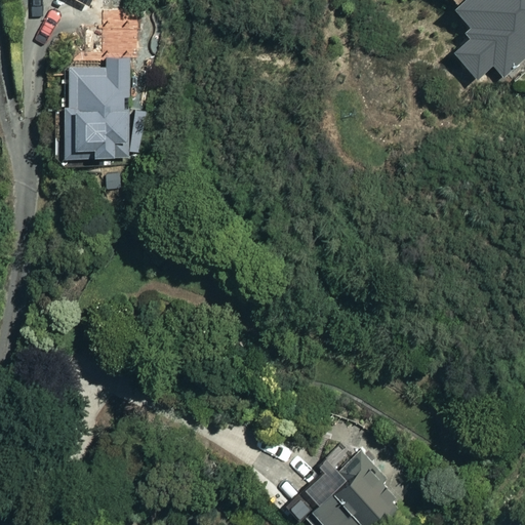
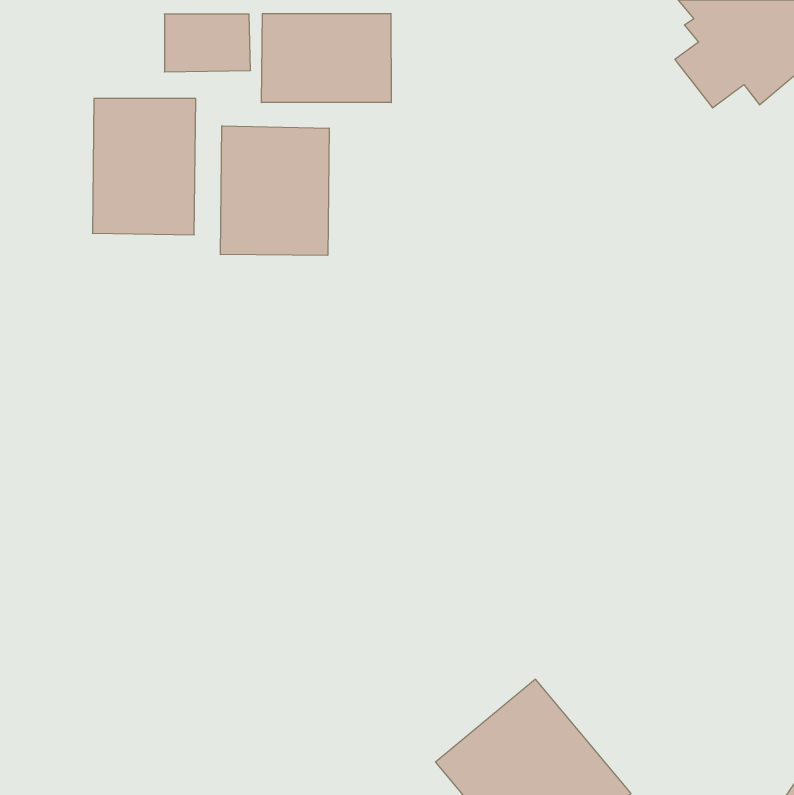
building: none -> [261,13,391,103]
building: none -> [220,126,329,255]

